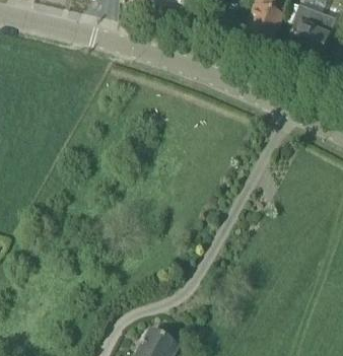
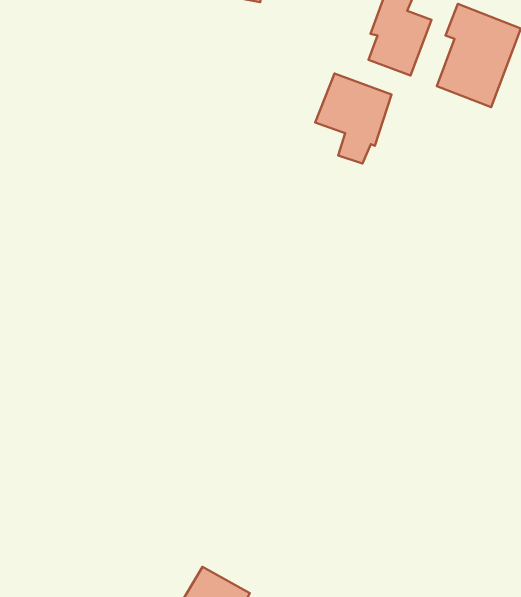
building: none -> [315,73,391,163]

